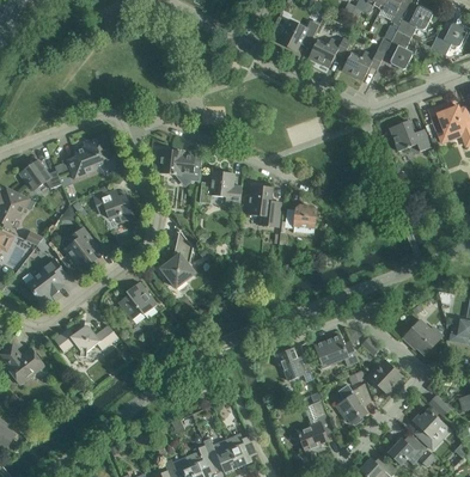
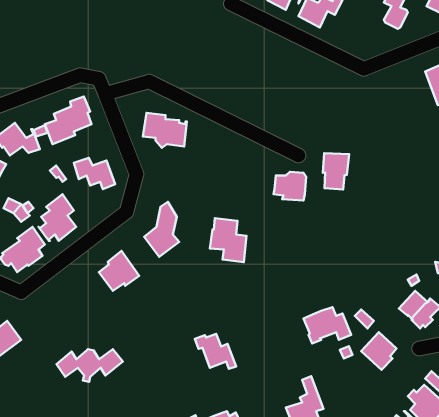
building: [342,50,384,80] -> none
building: [390,121,431,153] -> none
building: [200,171,243,202] -> none
building: [246,185,281,227] -> [210,218,246,262]
building: none -> [323,153,349,190]
building: [55,325,118,356] -> [56,349,123,382]
building: [274,348,313,381] -> [195,334,236,369]
building: [338,383,372,424] -> none

